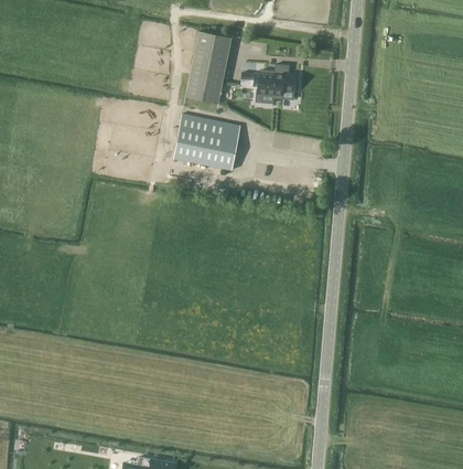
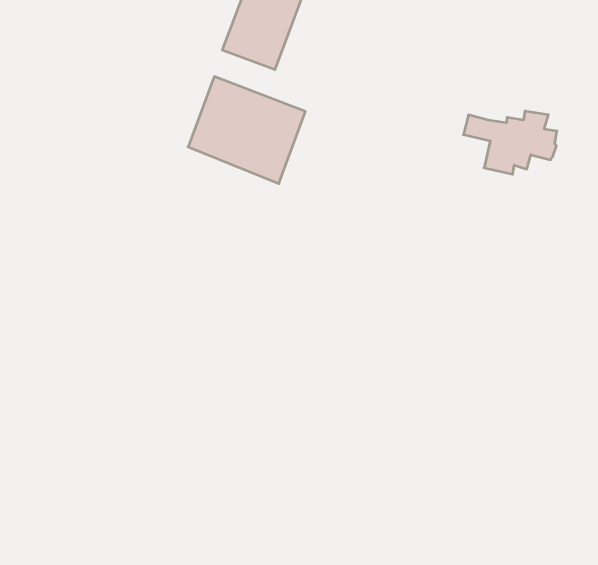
building: [241,65,298,104] -> [463,111,557,174]

